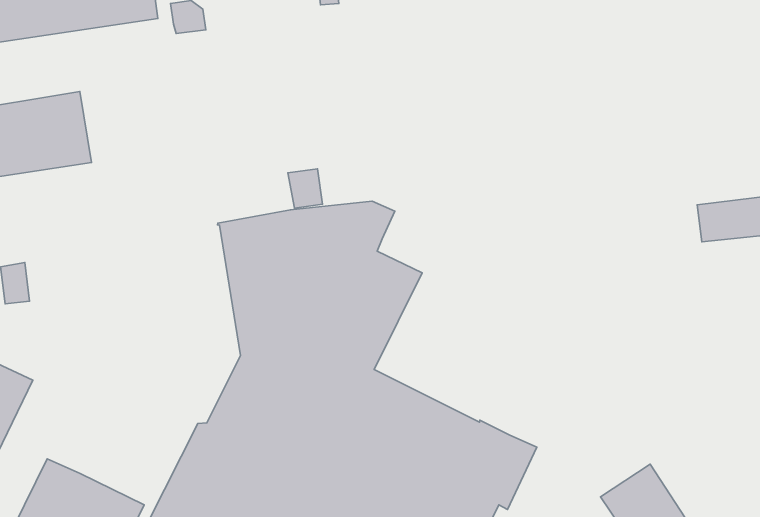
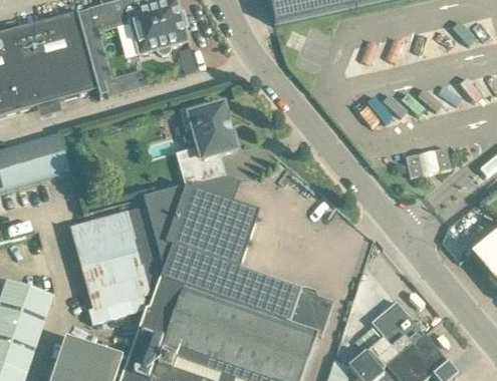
building: none -> [180,100,236,158]
building: none -> [70,198,165,323]

